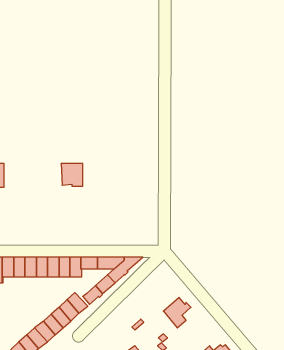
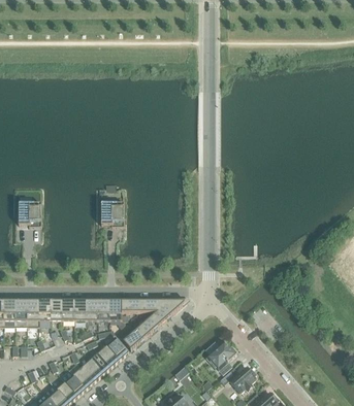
building: none -> [219,365,255,392]

